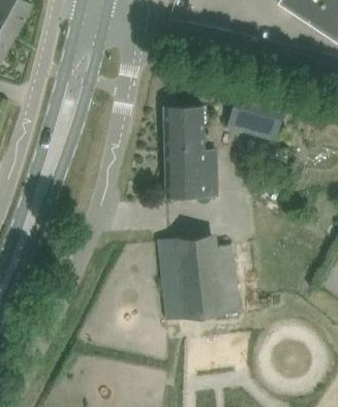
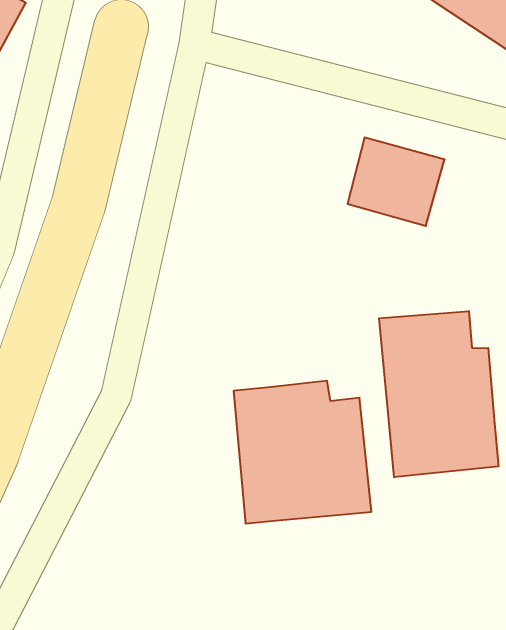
building: [164,106,217,197] -> none
building: none -> [379,311,498,477]

